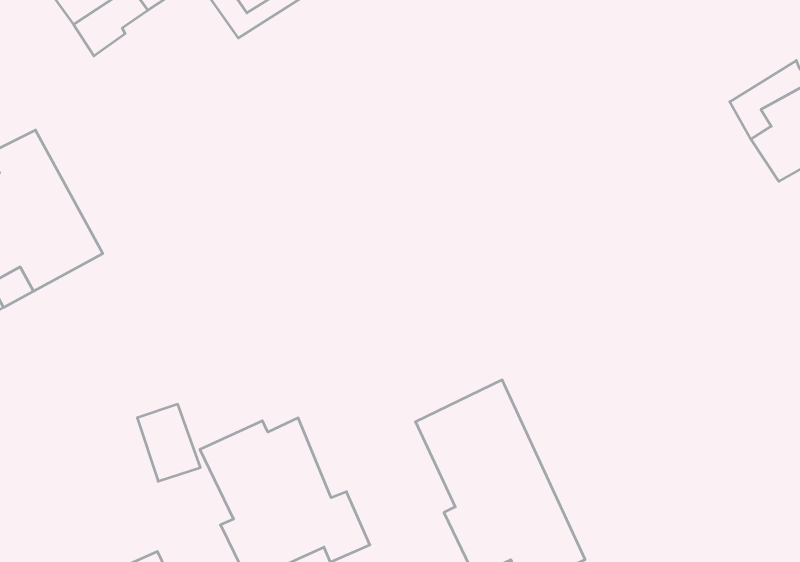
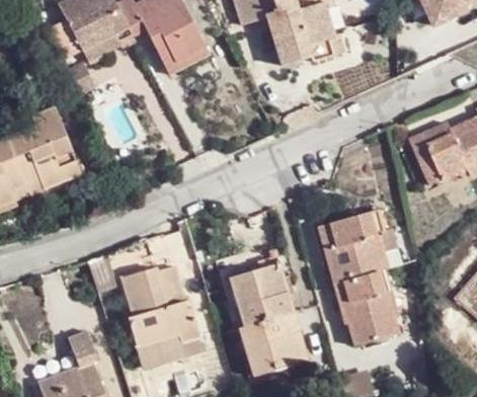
building: none -> [322,209,401,344]

